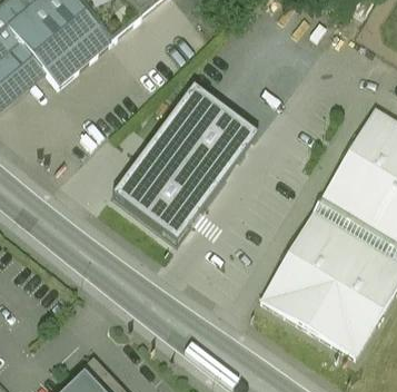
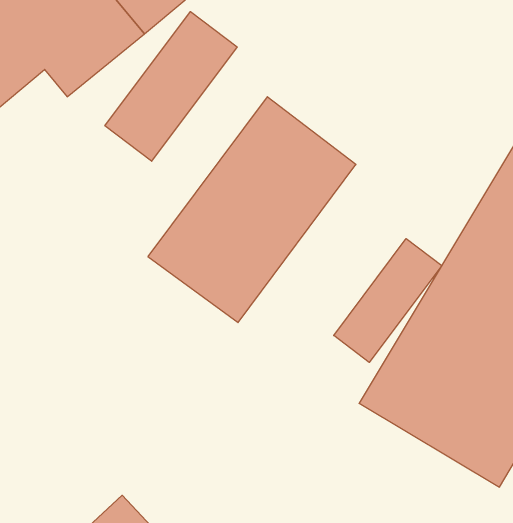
building: none -> [105,12,237,161]
building: none -> [334,239,442,362]

